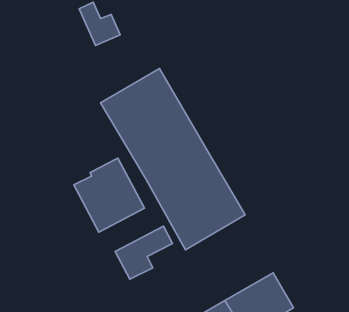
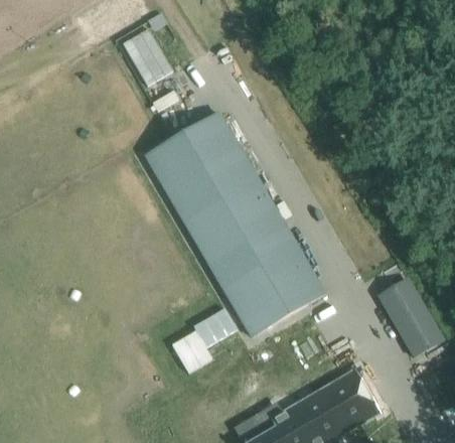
building: [74,158,145,232] -> none
building: none -> [376,277,445,357]

